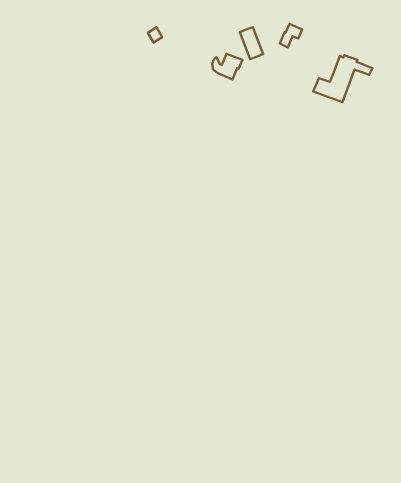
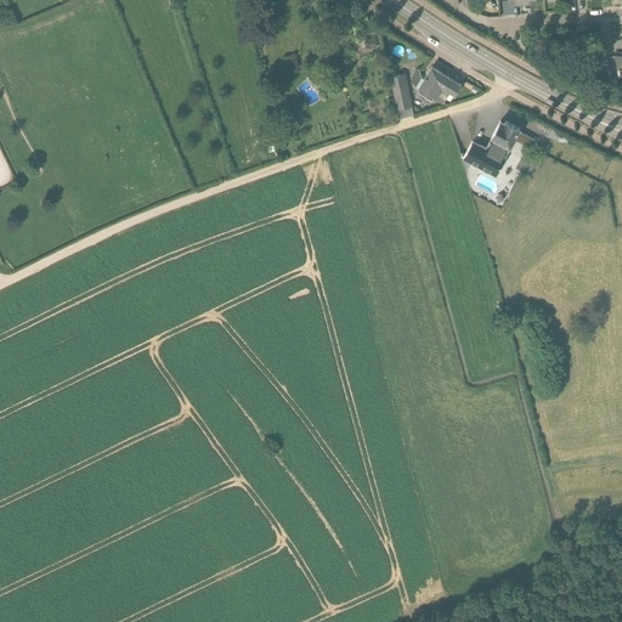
building: [212,54,242,79] -> [413,66,448,96]

